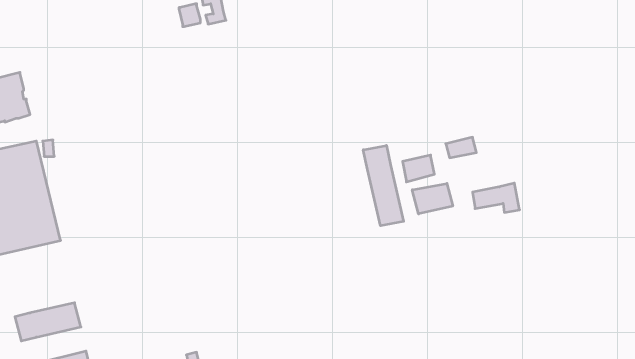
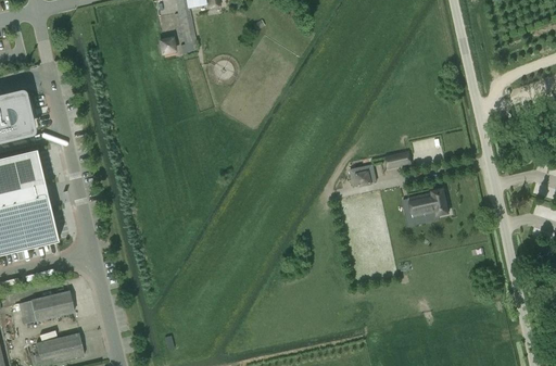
building: [363,145,404,226] -> none
building: [412,183,453,214] -> none

